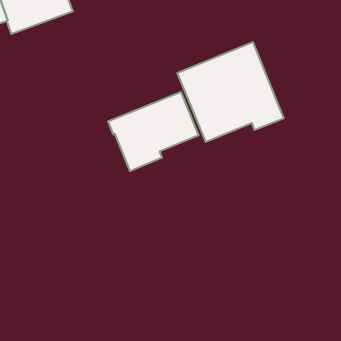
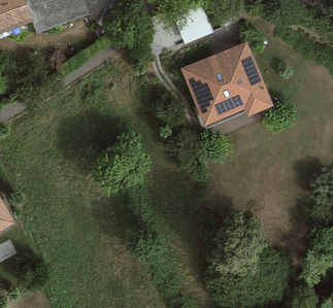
building: [108,92,198,171] -> none

